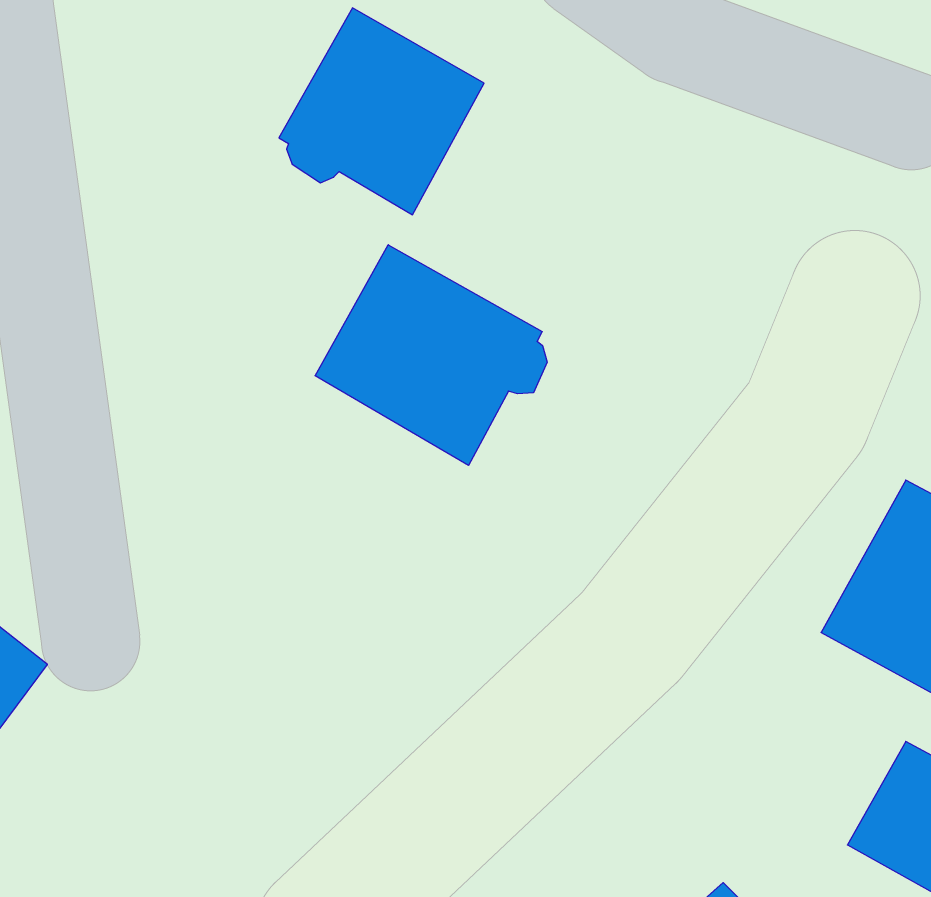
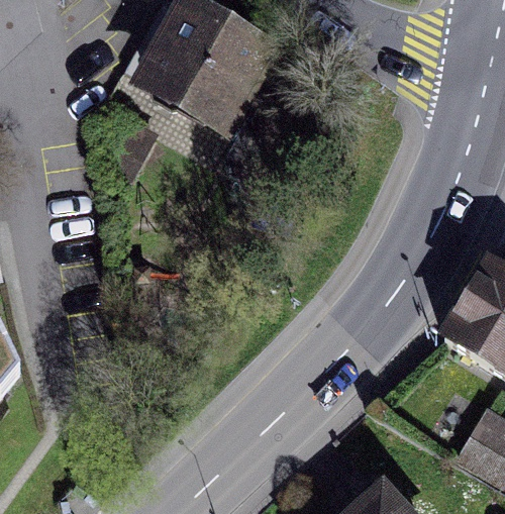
building: [315,245,547,465] -> none

